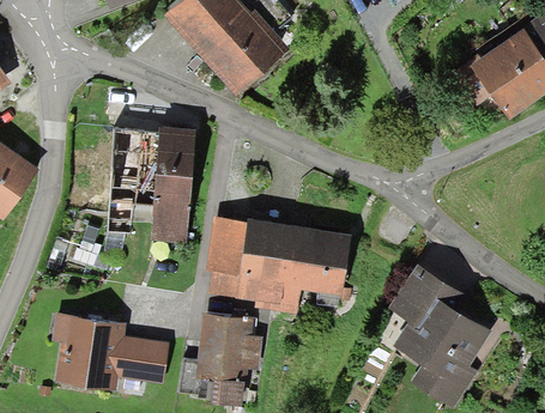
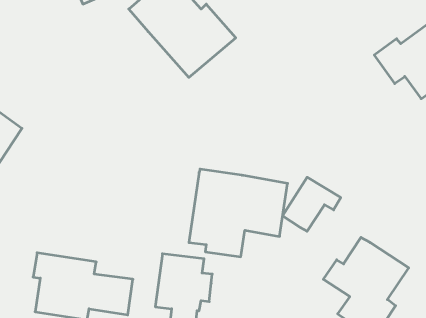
building: [103,109,195,242] -> none
building: [206,209,247,297] -> none
building: [388,259,456,322] -> [283,177,341,231]

